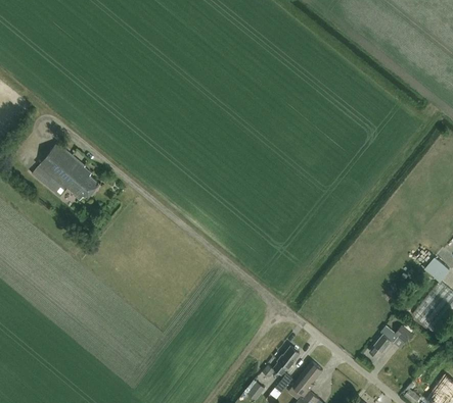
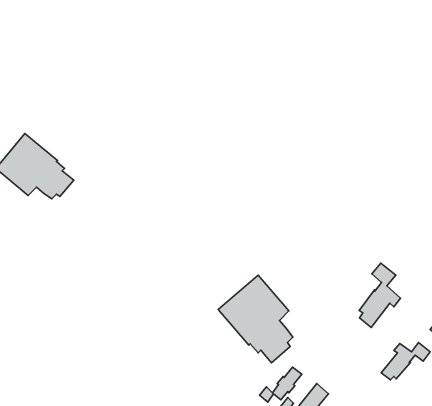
building: none -> [359,263,400,327]
building: none -> [218,275,293,363]

